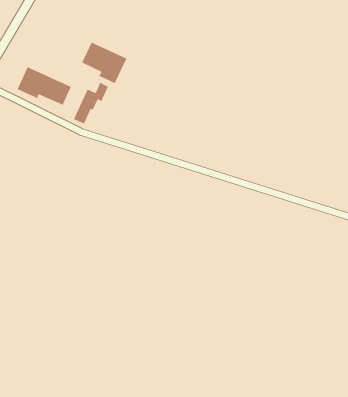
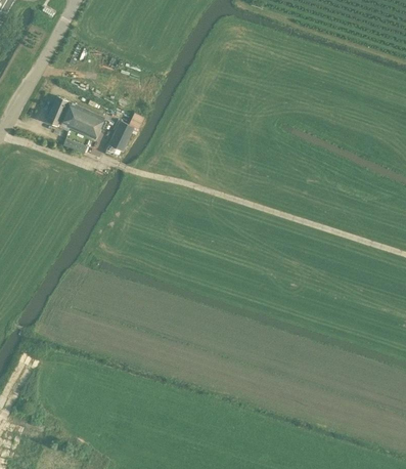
building: [81,41,127,84] -> none

